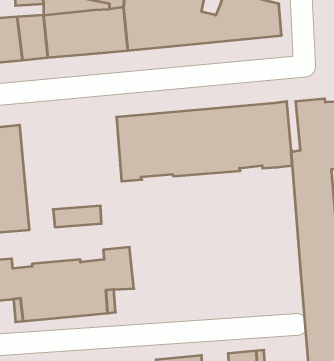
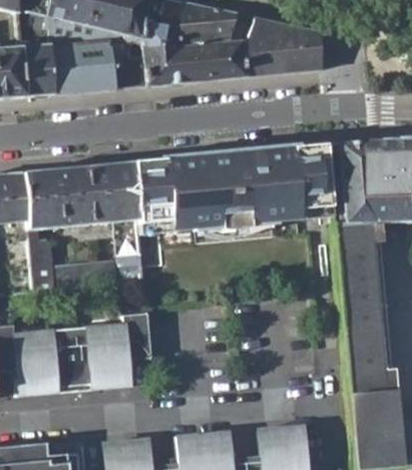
building: none -> [24,161,144,290]

